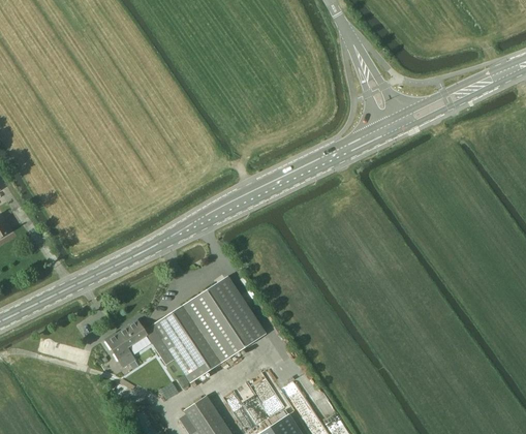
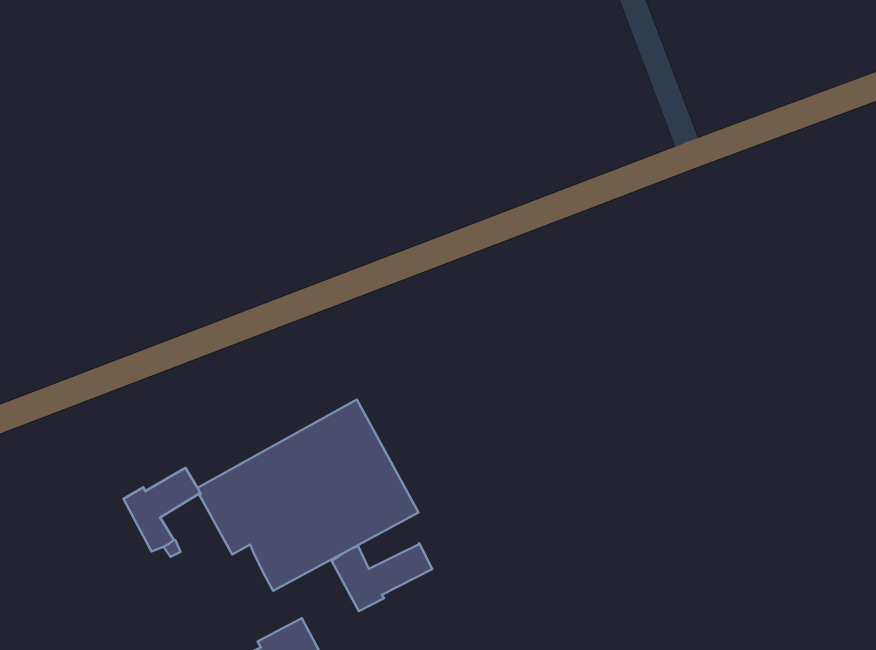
building: none -> [332,543,432,611]

